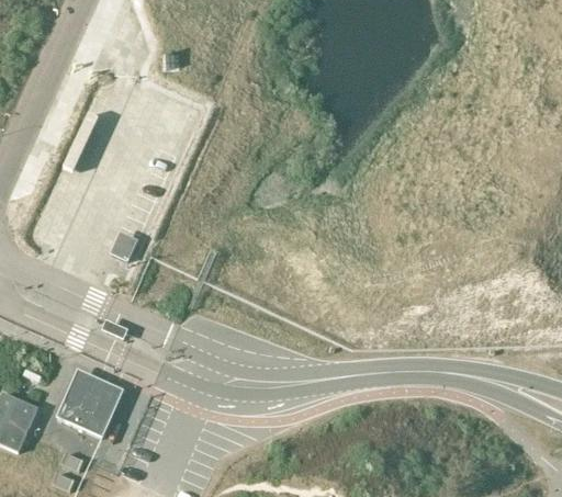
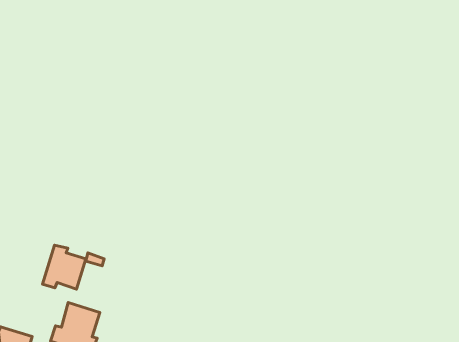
building: none -> [42,245,86,289]

